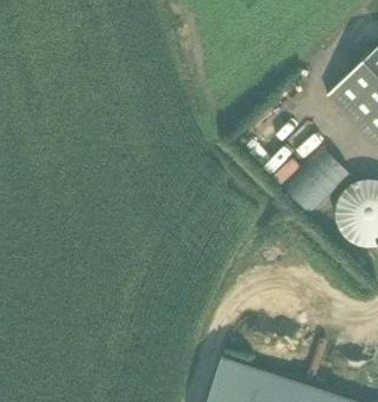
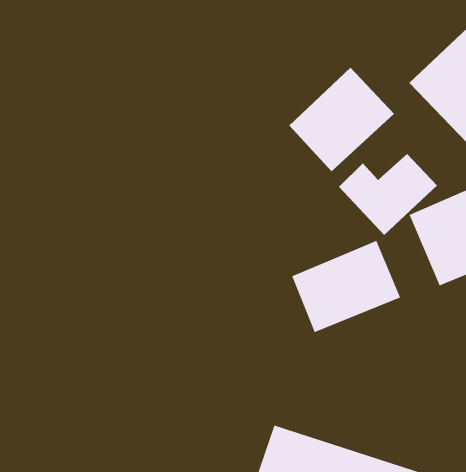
building: none -> [289,67,395,172]
building: none -> [291,240,401,333]

